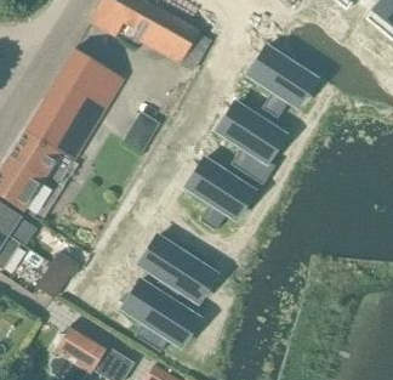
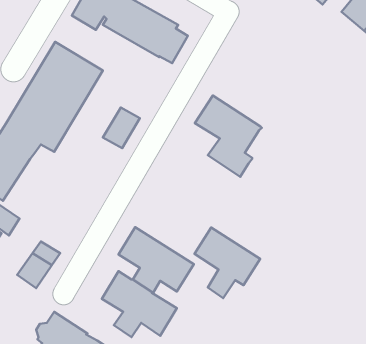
building: [249,46,315,117] -> none
building: [187,159,254,231] -> [195,228,260,298]

